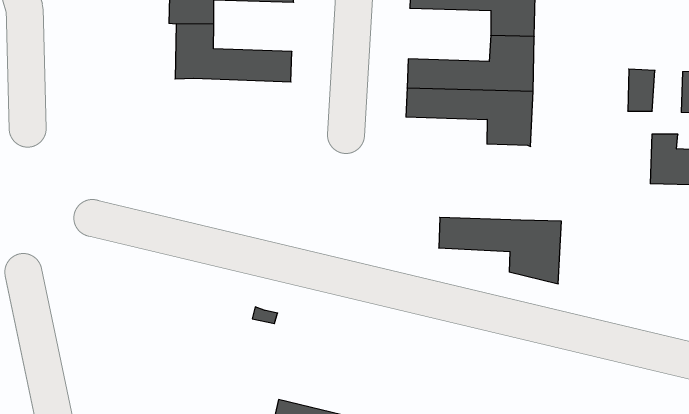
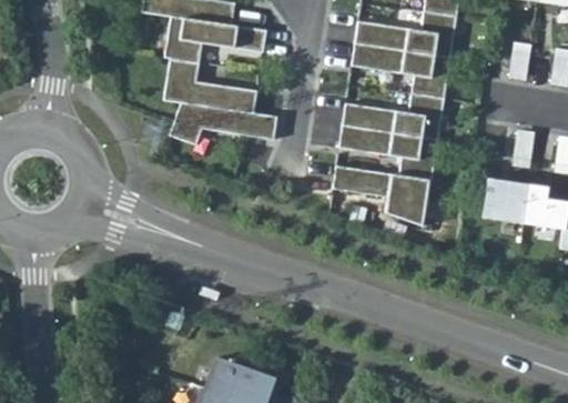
building: none -> [168,102,277,147]
building: none -> [480,178,527,222]
building: [439,217,561,284] -> [334,169,430,230]

